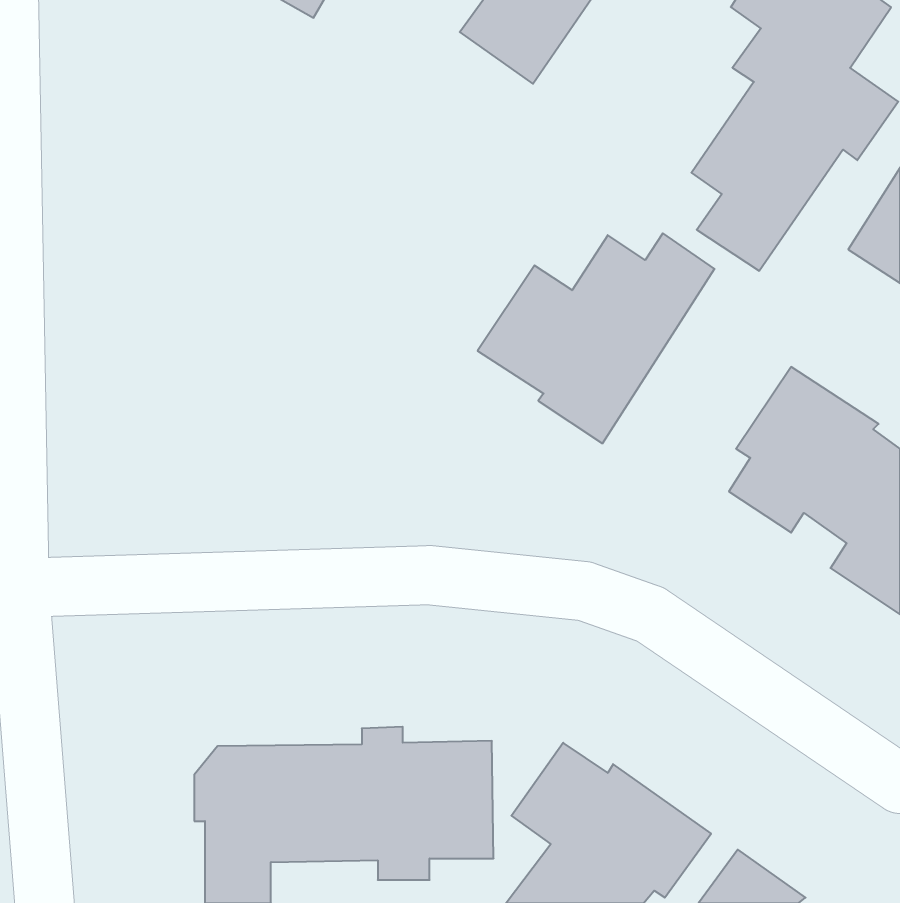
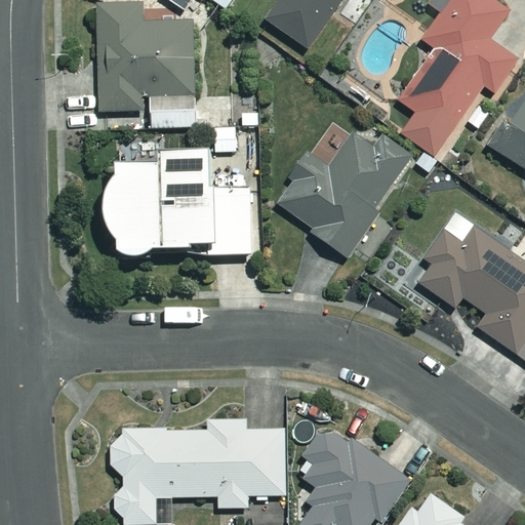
building: none -> [97,4,195,126]
building: none -> [112,153,252,256]

